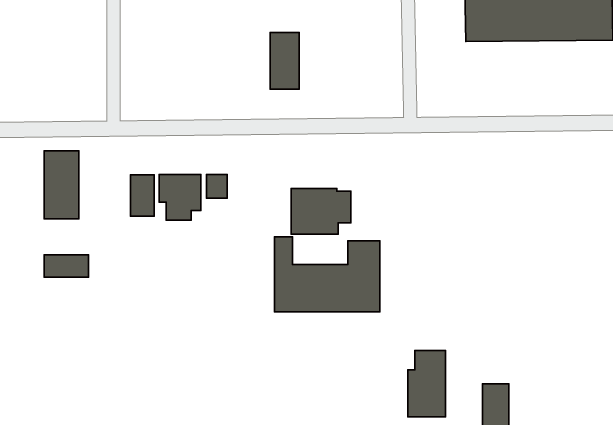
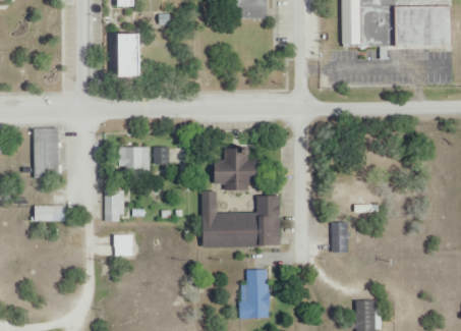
building: [270,32,299,89] -> [118,35,139,76]
building: [131,175,154,216] -> [105,190,122,221]
building: none -> [332,220,347,253]
building: none -> [114,234,132,256]
building: [408,350,445,417] -> [240,269,268,318]

